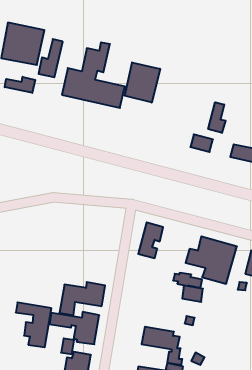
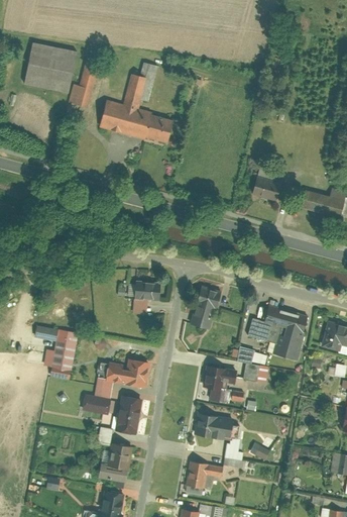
building: [125,62,160,103] -> none
building: [5,77,35,93] -> none
building: [208,102,226,133] -> none
building: none -> [128,280,160,315]
building: none -> [202,367,244,403]
building: [16,302,51,347] -> [34,325,78,380]

